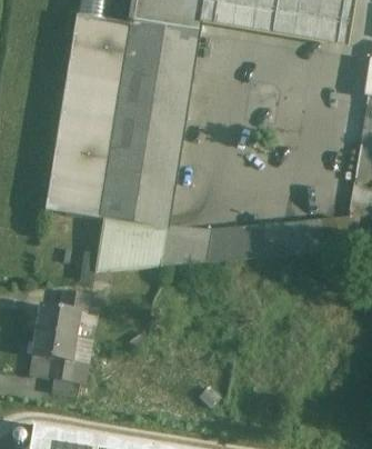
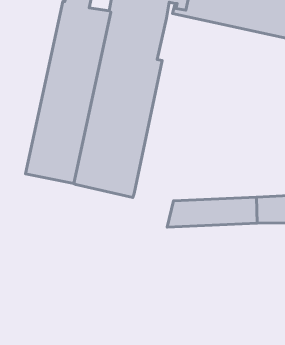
building: [93,221,211,273] -> none
building: [31,293,90,385] -> none

